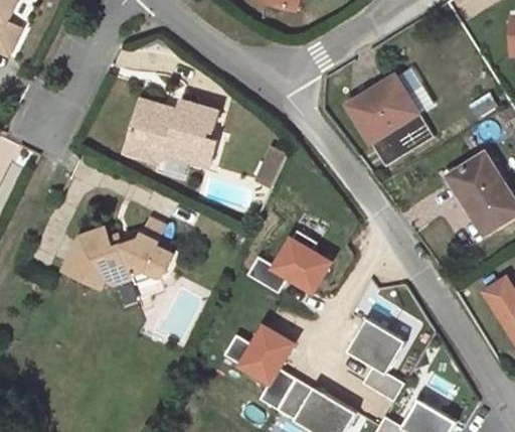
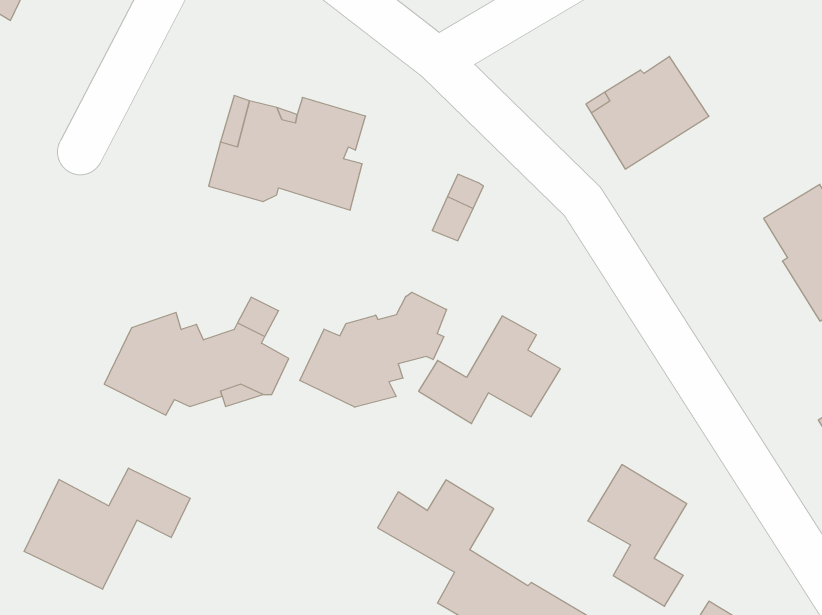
building: [370,112,435,167] -> none
building: none -> [300,292,447,407]
building: none -> [24,468,190,589]

